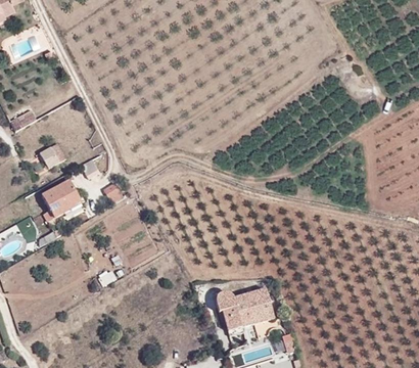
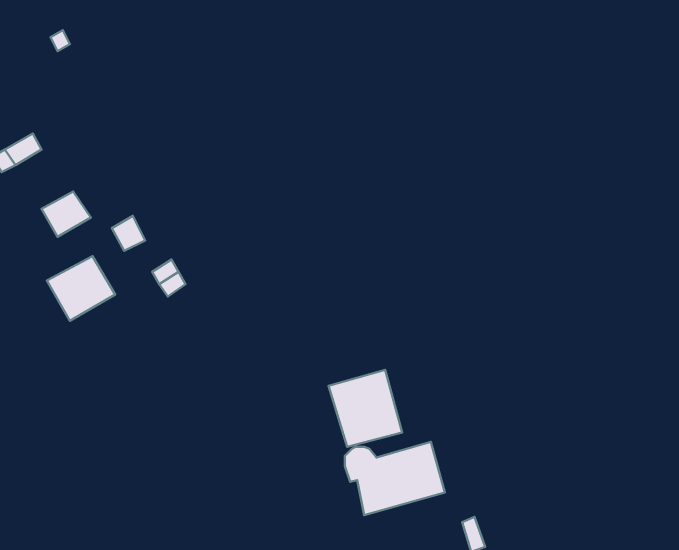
building: none -> [329,370,402,447]

